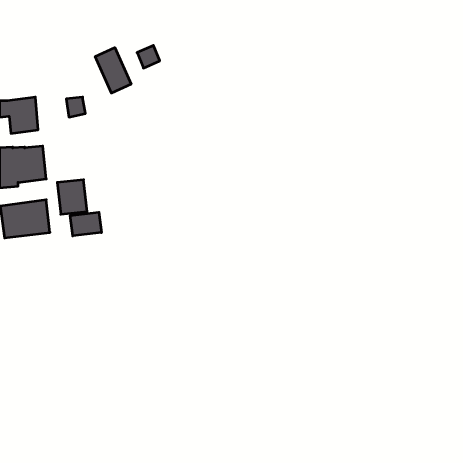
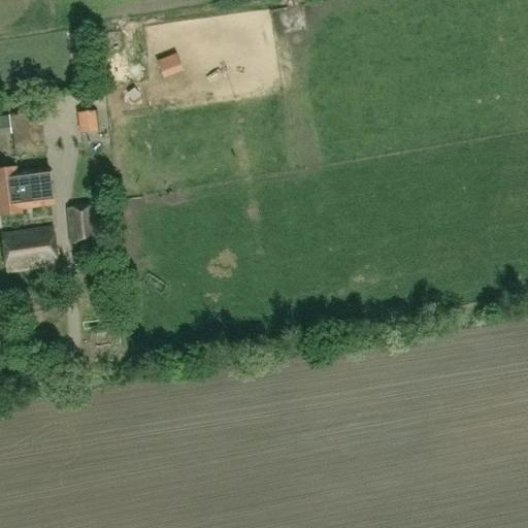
building: [95,48,131,93] -> none
building: [70,212,101,236] -> none

